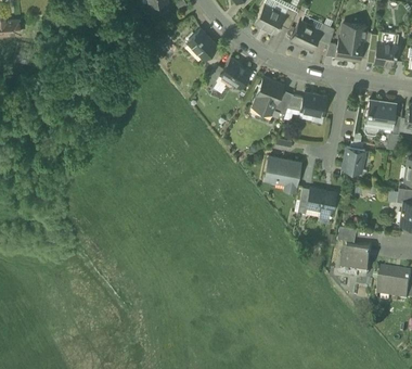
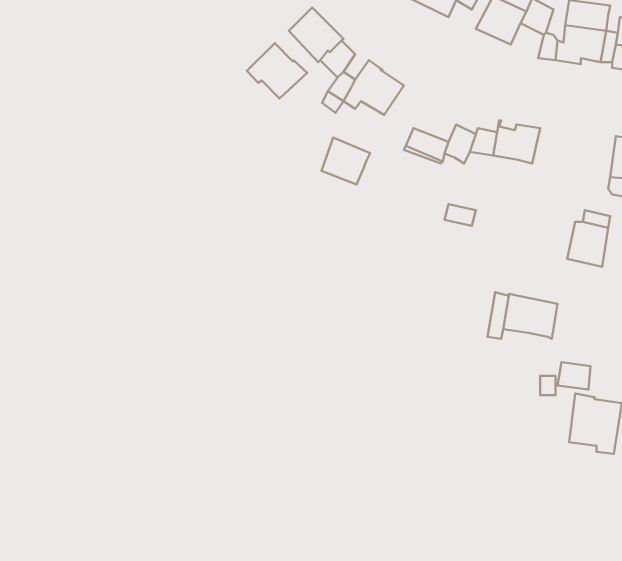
building: none -> [247,43,307,99]
building: [257,76,284,102] -> [321,138,370,184]
building: [265,155,301,190] -> none

